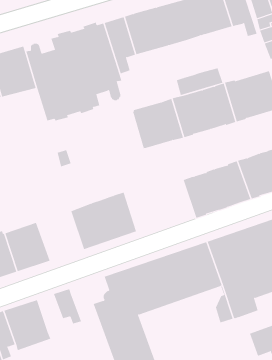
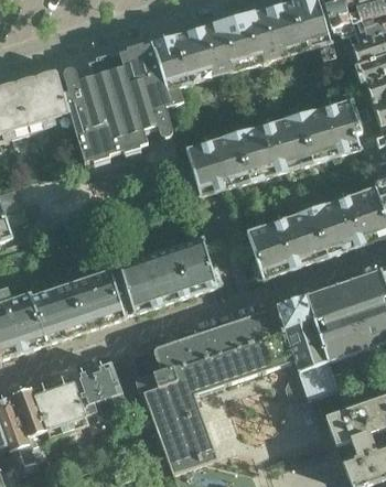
building: [176,68,223,96] -> none
building: none -> [176,236,217,292]
building: none -> [72,268,128,327]
building: none -> [73,367,103,413]

